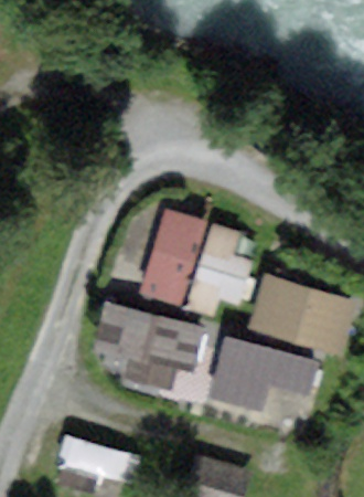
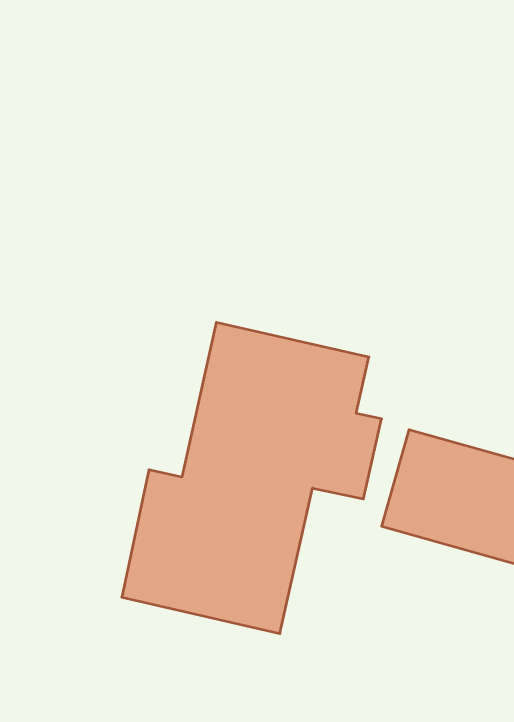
building: [210,327,324,423] -> none

